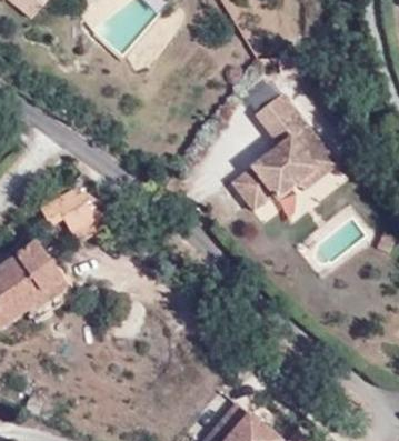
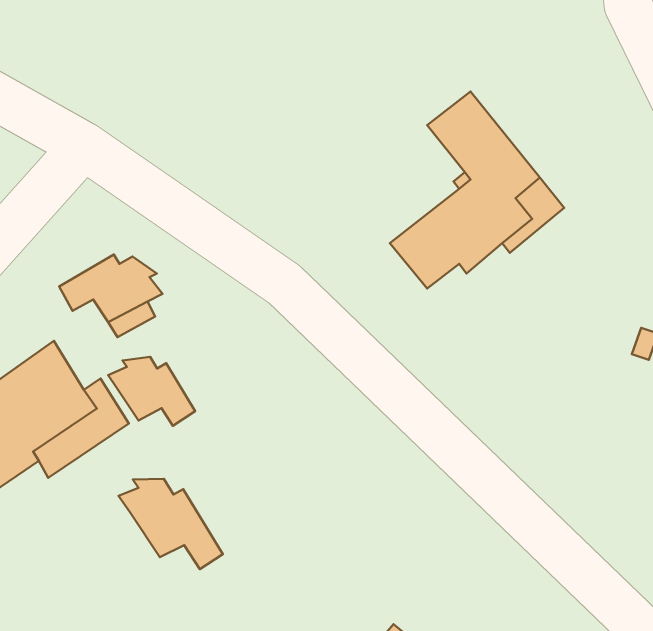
building: none -> [108,357,195,426]
building: none -> [118,479,223,569]

